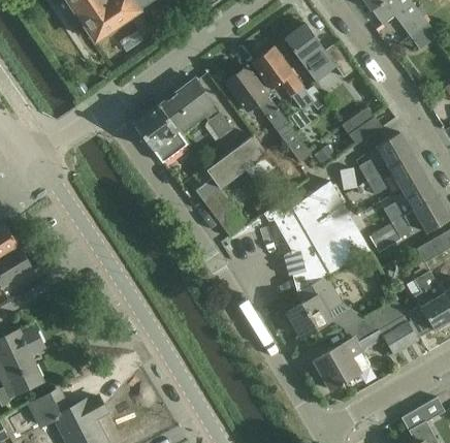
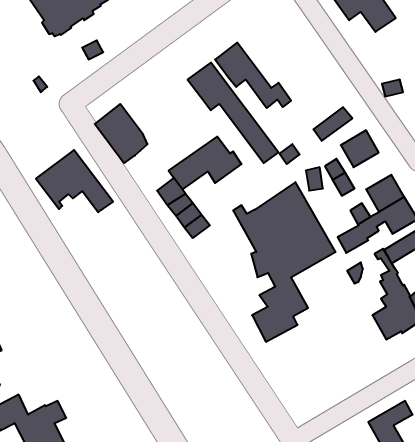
building: [284,22,354,81] -> none
building: [158,77,233,138] -> [36,150,113,212]
building: [386,153,423,189] -> none
building: [314,300,417,389] -> none

